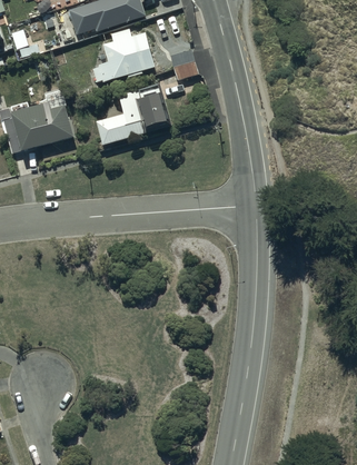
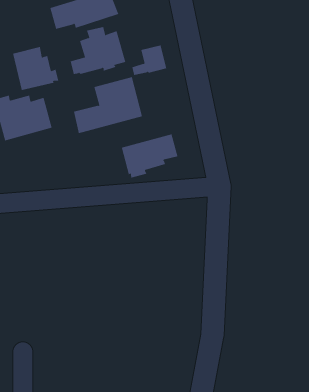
building: none -> [12,46,59,91]
building: none -> [121,134,178,179]

